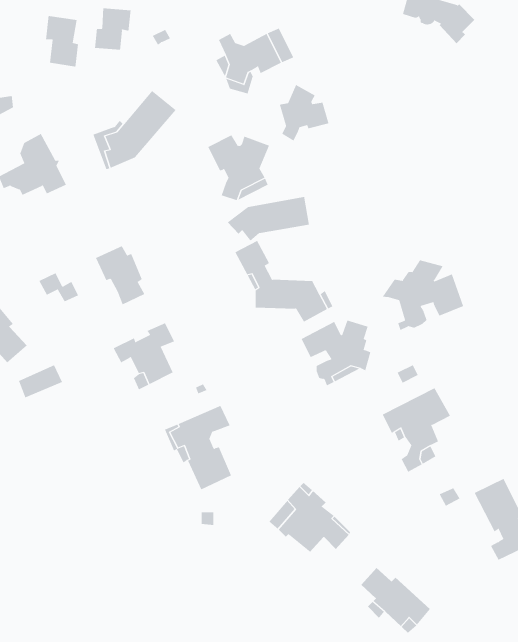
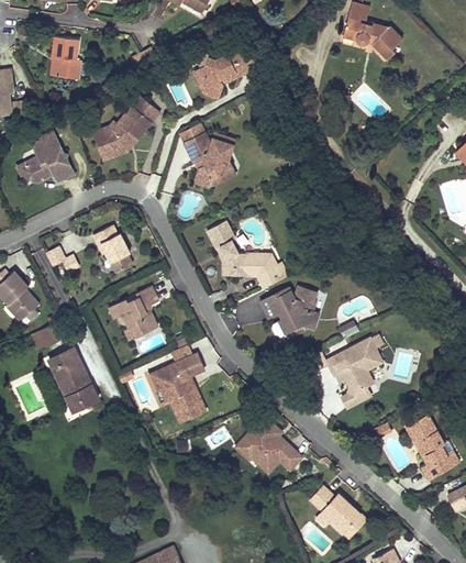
building: [94,7,131,51] -> none
building: [279,84,329,141] -> none
building: [227,196,309,242] -> none
building: [382,259,464,331] -> none
building: none -> [48,346,99,411]

